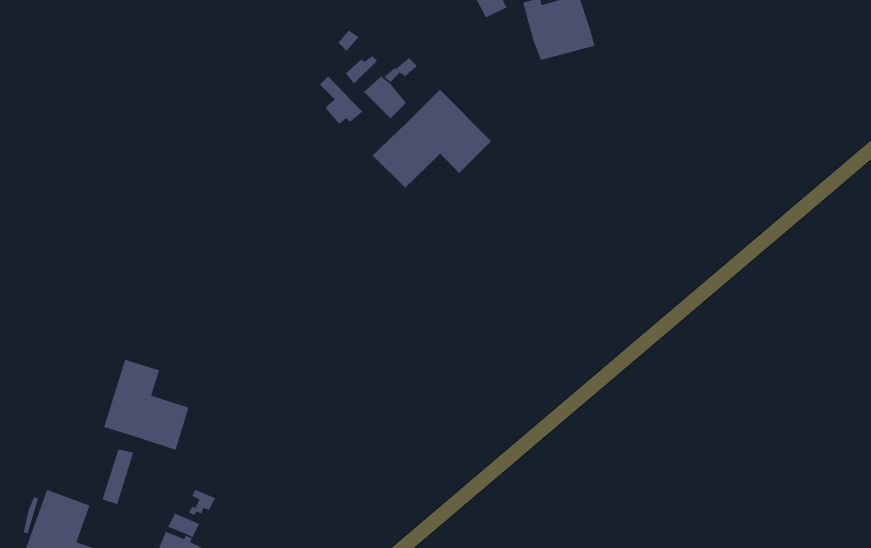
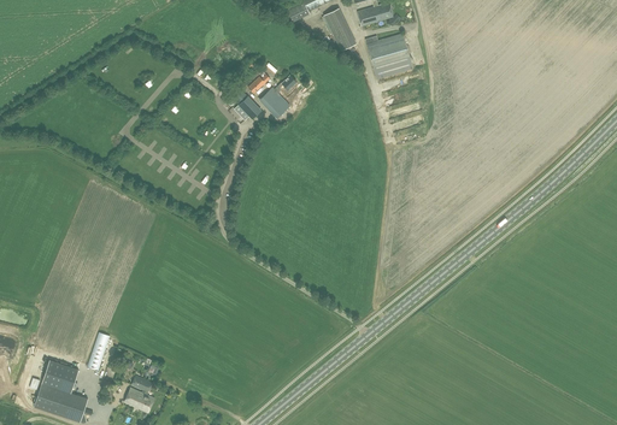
building: [372,89,492,188] -> none
building: [103,359,190,451] -> none

